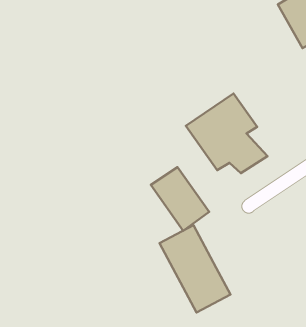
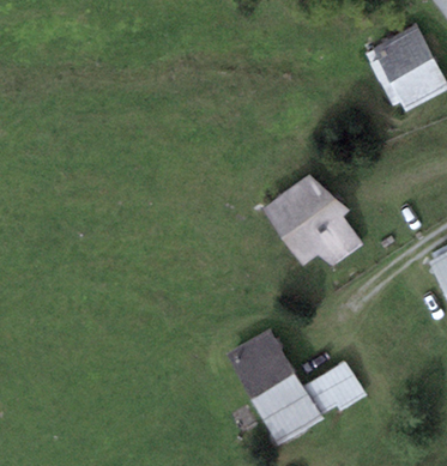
building: [151,167,209,231] -> none
building: none -> [300,363,362,419]

